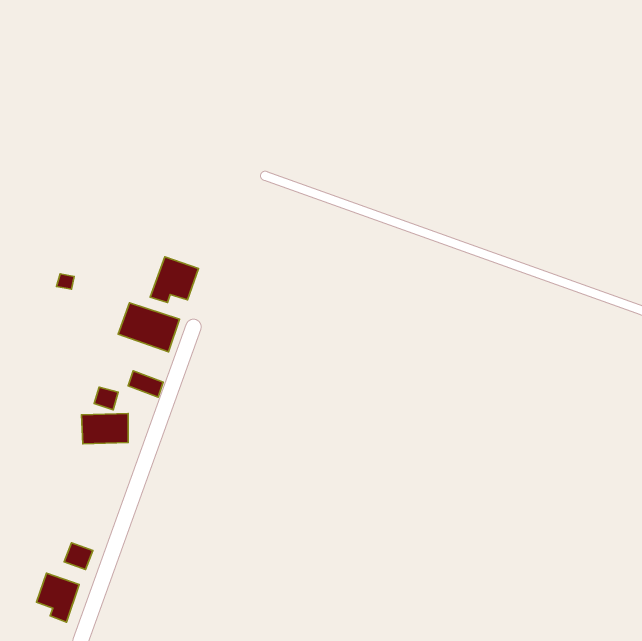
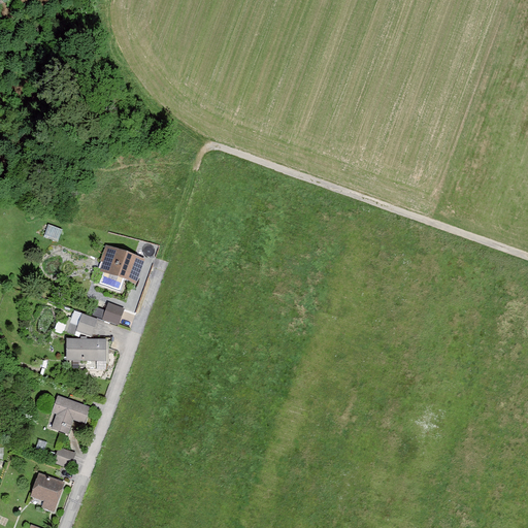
building: [150,257,199,303] -> none
building: none -> [52,393,91,432]

